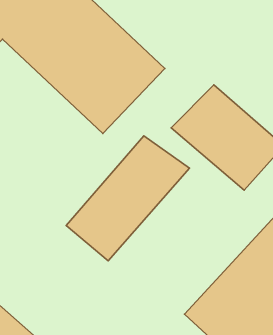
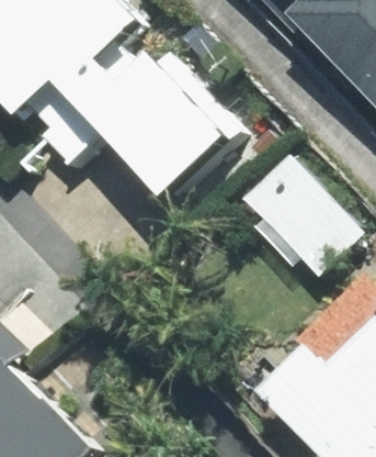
building: [66,136,189,261] -> none

